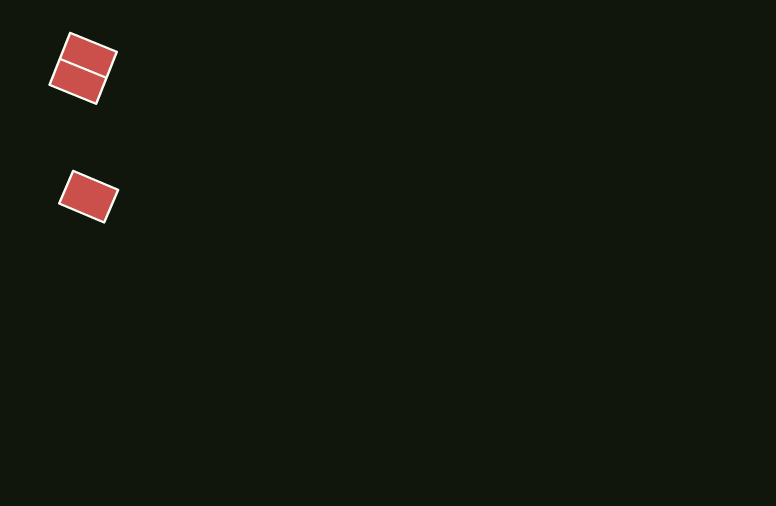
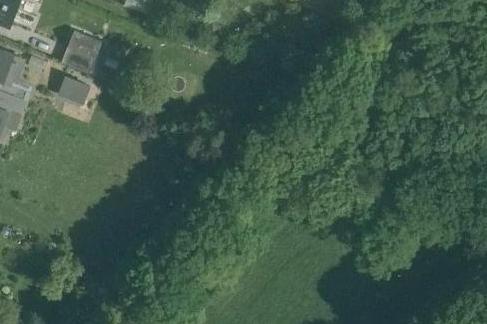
building: [59,171,118,223] -> [59,73,93,103]

